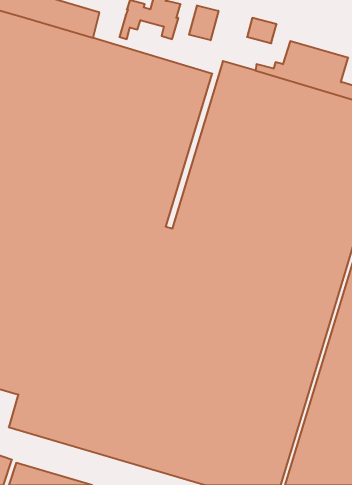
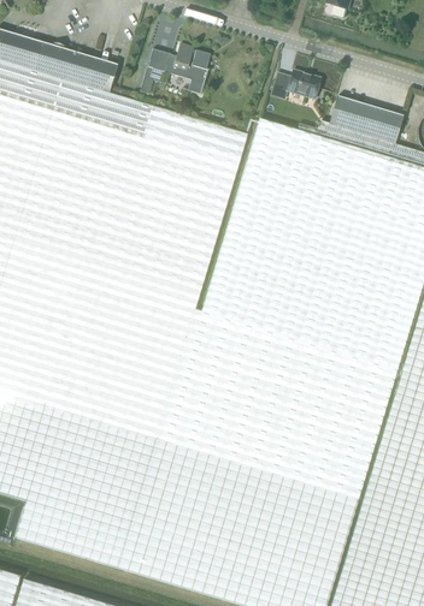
building: [189,5,218,40] -> none

